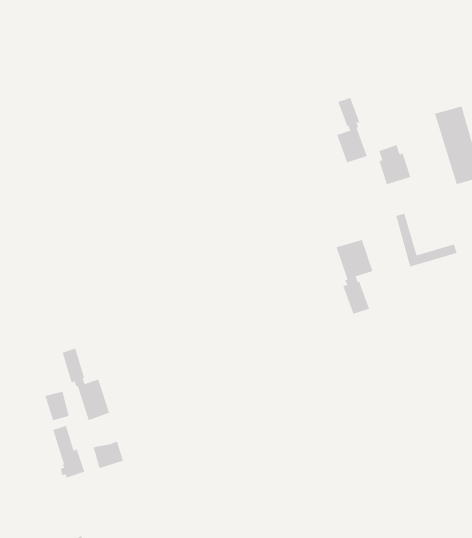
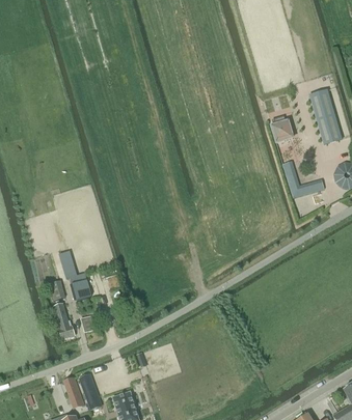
building: [337,97,367,163] -> none
building: [336,239,373,314] -> none

